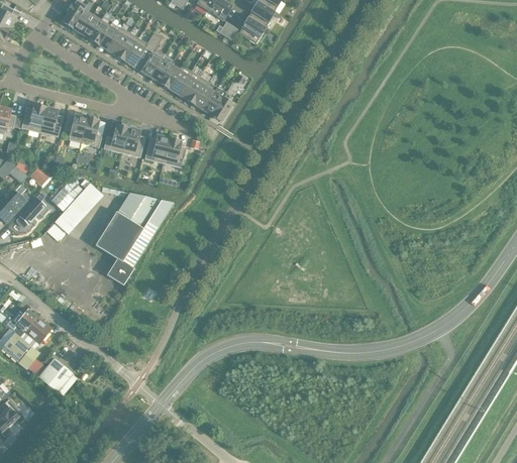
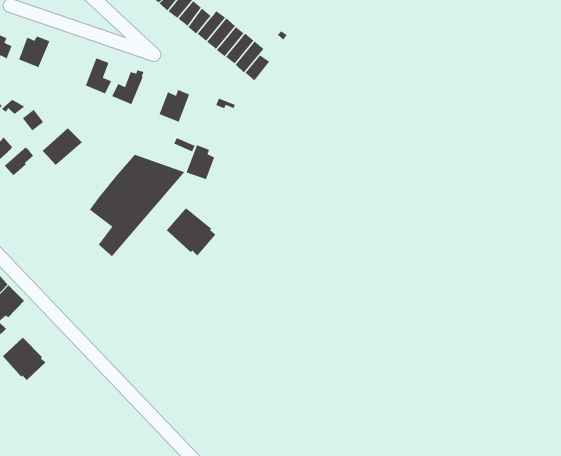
building: [39,107,63,136] -> none
building: [65,114,86,141] -> none
building: [121,124,144,156] -> none
building: [163,137,186,166] -> [186,144,215,180]
building: [55,183,103,233] -> none
building: none -> [166,207,216,256]

